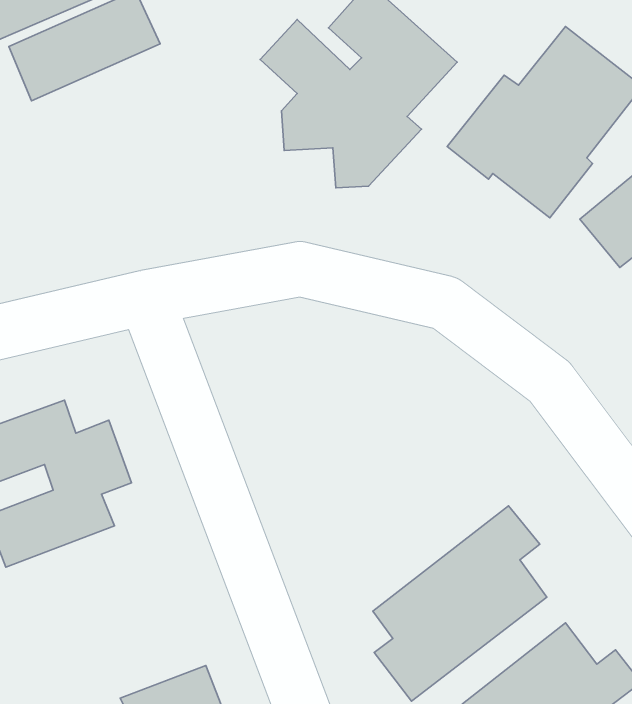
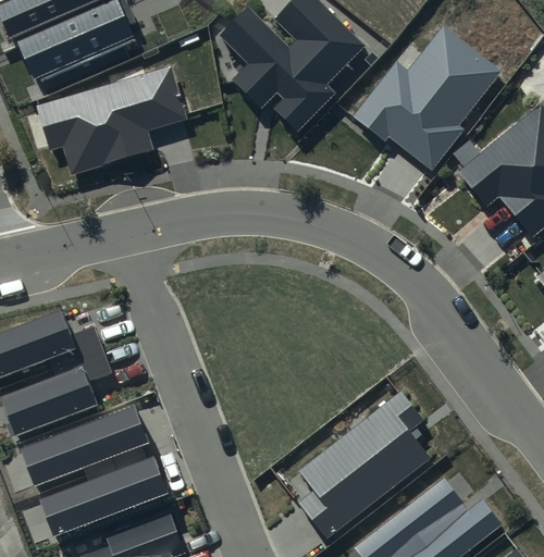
building: none -> [36,65,188,175]
building: none -> [21,404,166,535]

